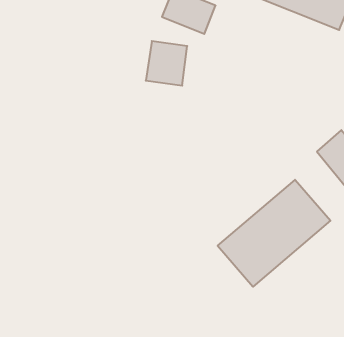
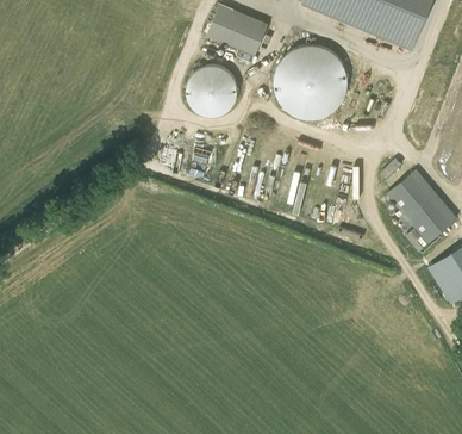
building: none -> [275,45,345,116]
building: [218,180,330,287] -> none

